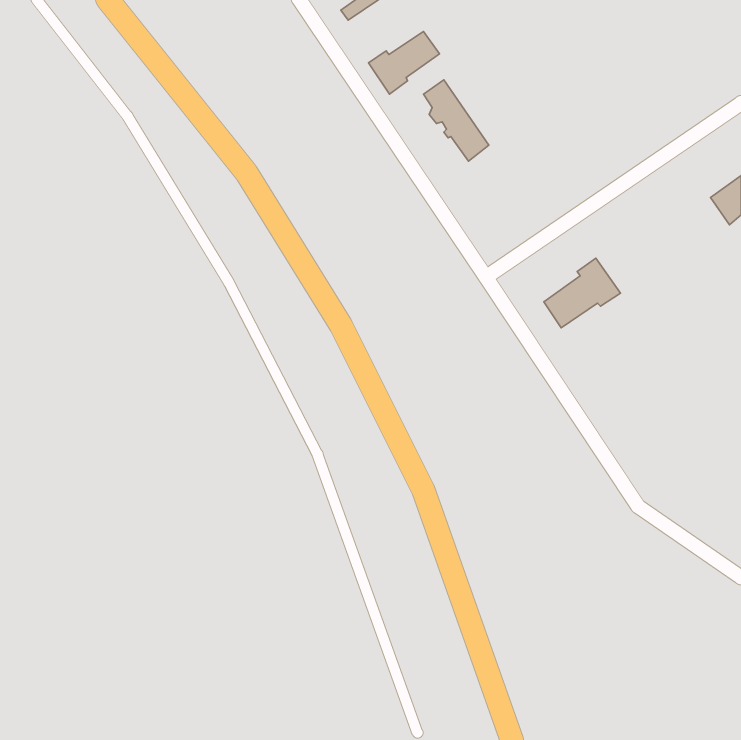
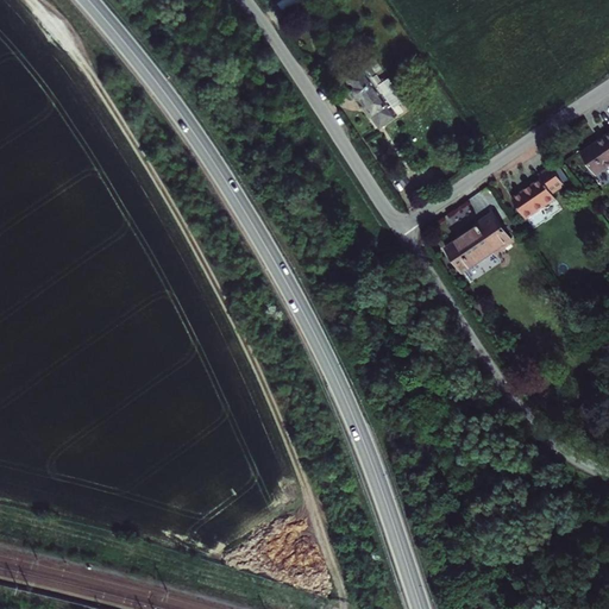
building: [368,32,440,94] -> none
building: none -> [511,165,565,220]

